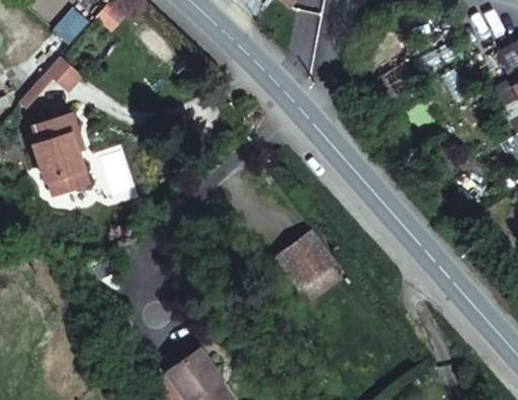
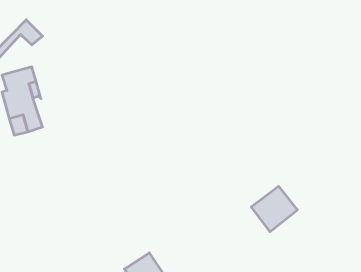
building: [281,232,339,289] -> [251,186,297,232]

